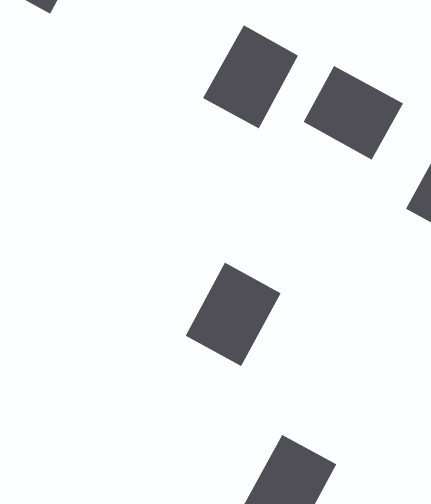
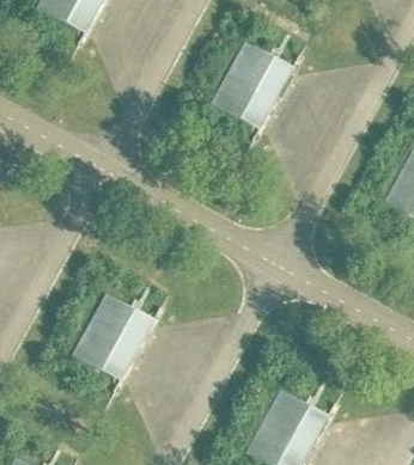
building: [303,65,404,160] -> none
building: [185,262,281,367] -> [74,293,156,381]

